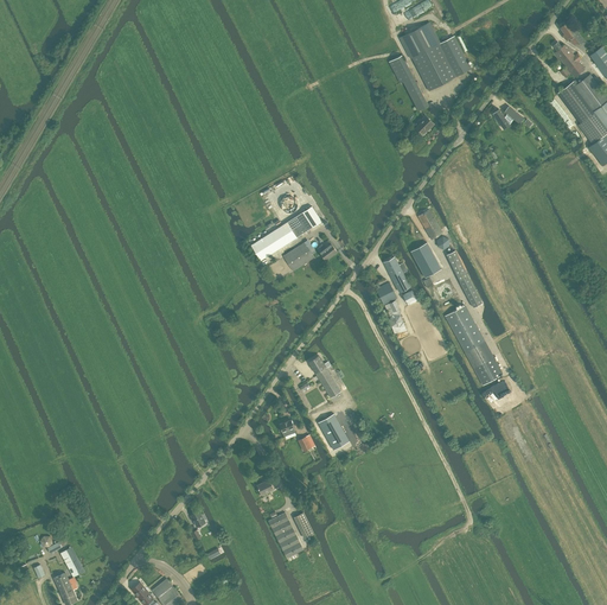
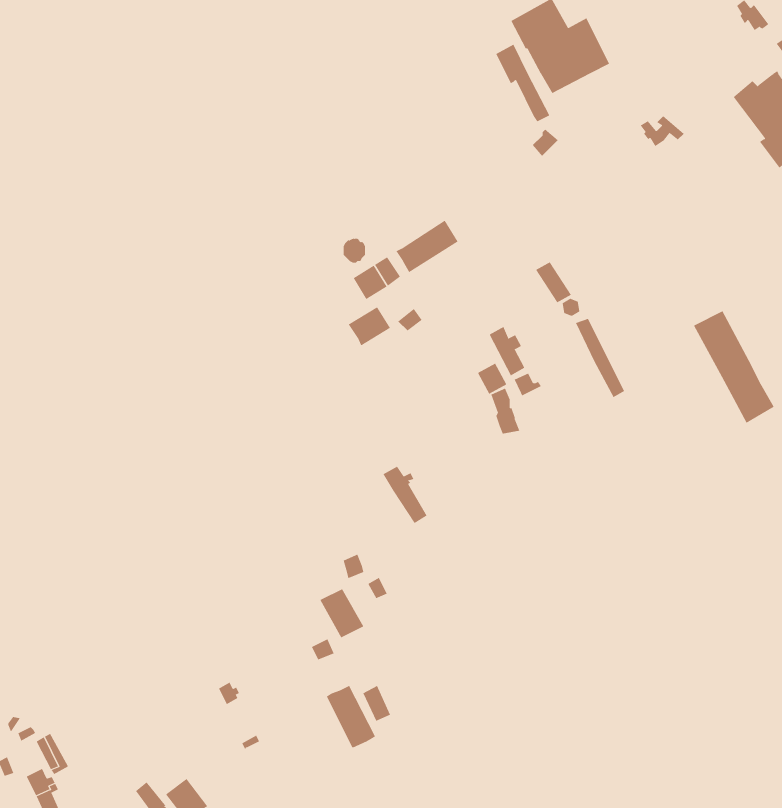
building: [552,42,584,77] -> none
building: [251,222,296,260] -> [395,220,458,273]
building: [410,242,441,278] -> none
building: [445,305,503,386] -> [693,311,774,423]
building: [318,414,350,450] -> [319,588,364,638]

